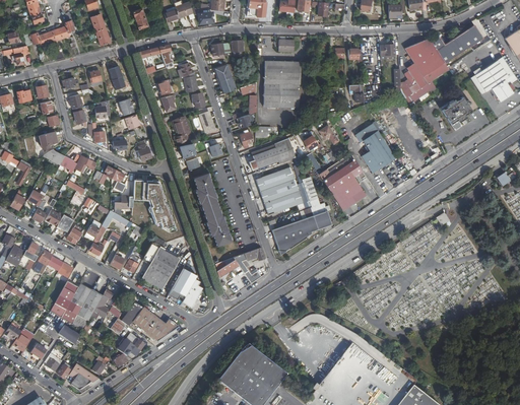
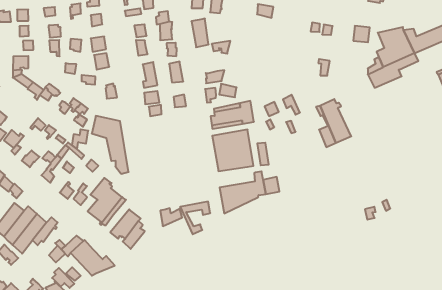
building: [263,60,301,107] -> none
building: [440,96,471,130] -> none
building: [319,158,364,209] -> none
building: [194,173,233,246] -> none

